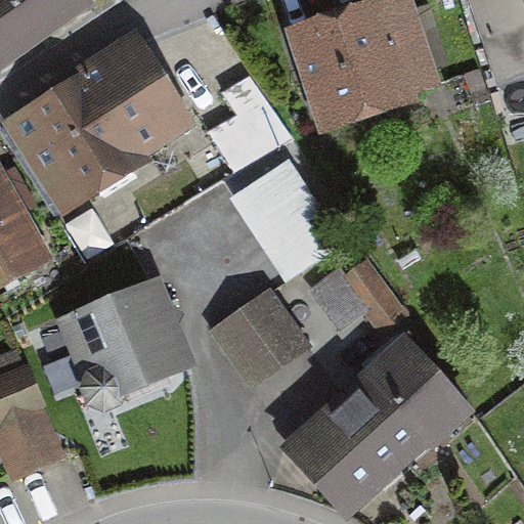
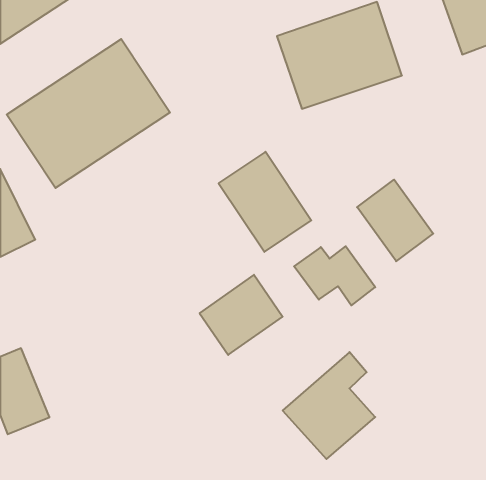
building: none -> [357,180,433,261]
building: [71,283,184,402] -> none
building: [367,339,455,447] -> none

